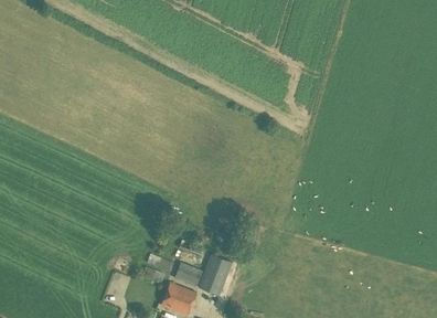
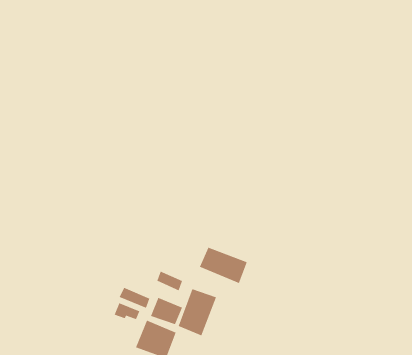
building: none -> [199,247,248,284]

